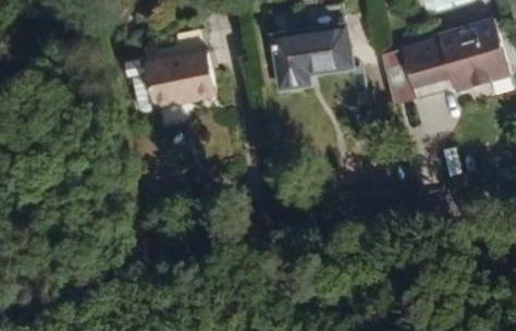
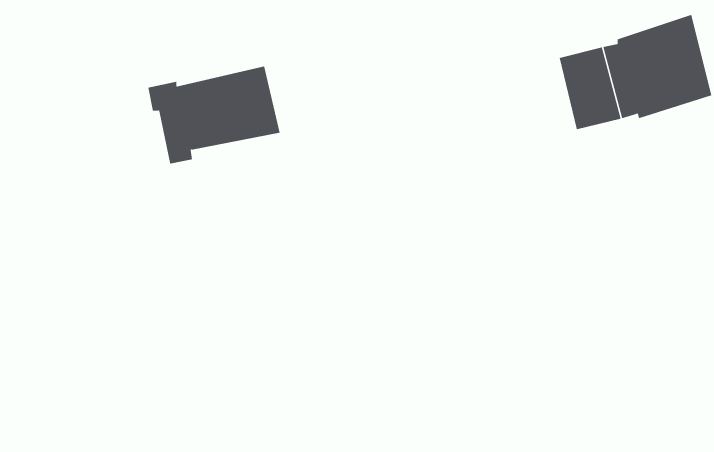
building: [277,30,353,89] -> none
building: [381,45,417,101] -> none

